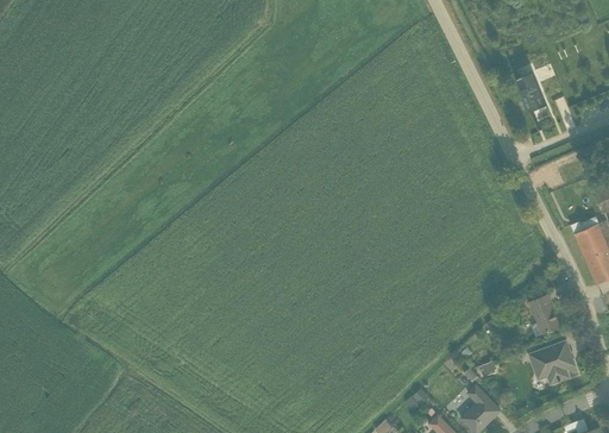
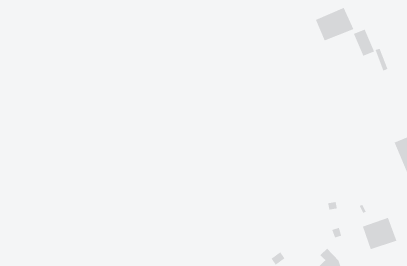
building: none -> [315,7,354,42]
building: [528,294,559,334] -> none

